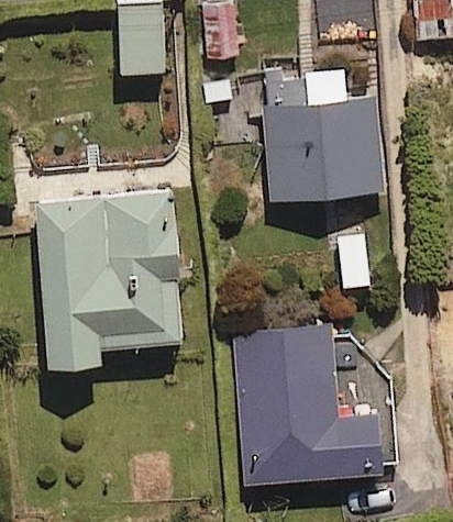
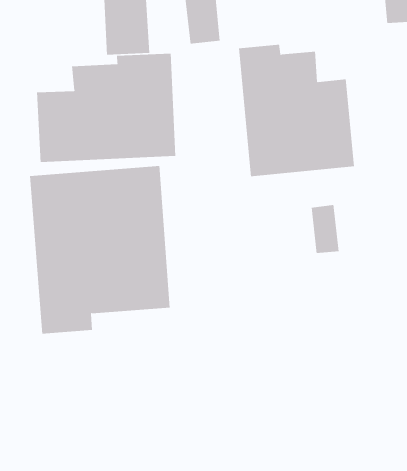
building: none -> [37,53,176,163]
building: [235,326,387,486] -> none

